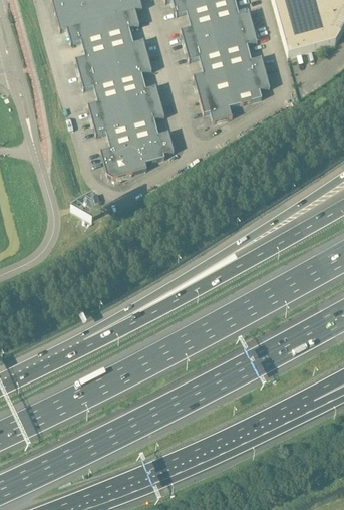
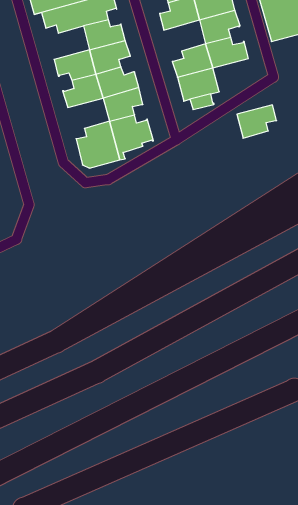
building: [186,35,226,65] -> none
building: [76,41,114,73] -> none
building: [233,72,271,104] -> [237,105,277,138]
building: [93,110,133,140] -> none

